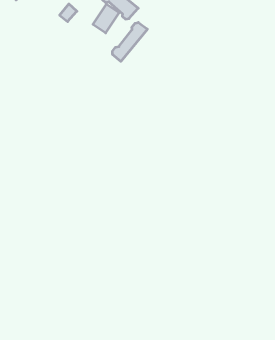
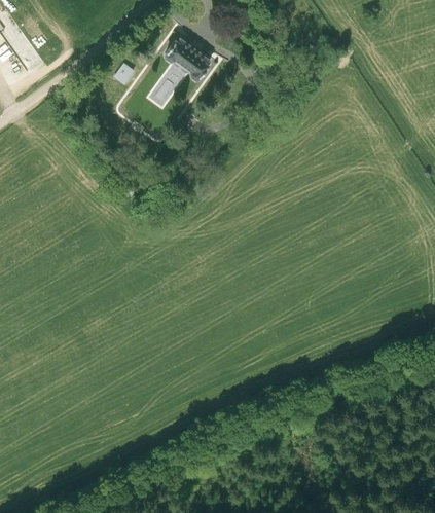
building: [112,22,147,61] -> none

